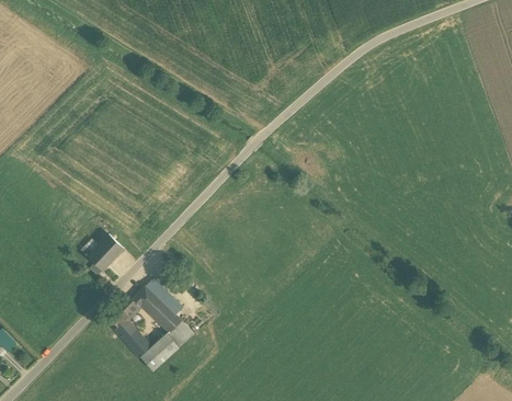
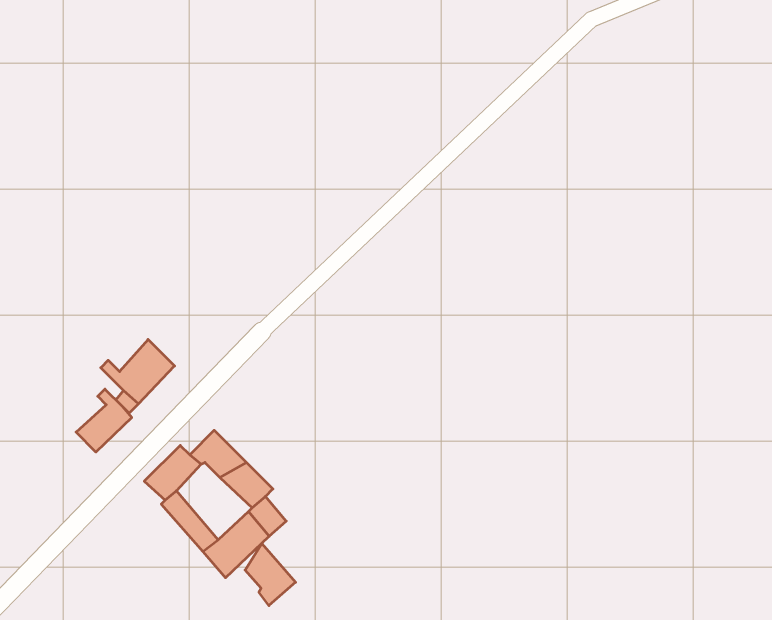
building: none -> [76,389,132,452]
building: none -> [245,543,296,606]

